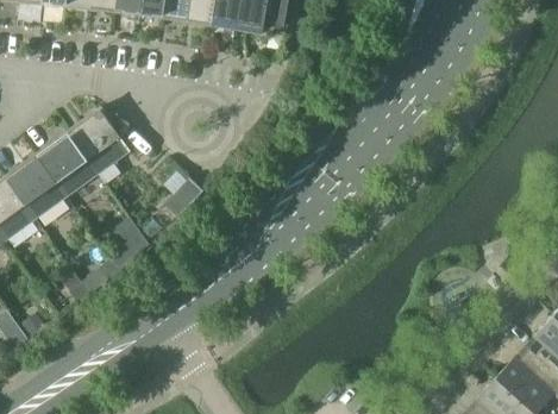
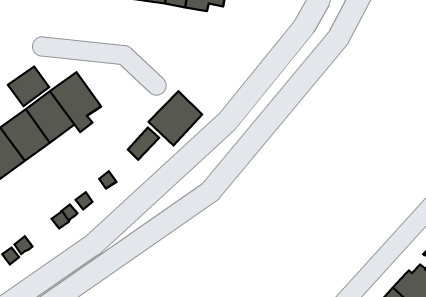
building: none -> [8,66,49,106]
building: none -> [149,91,202,146]

